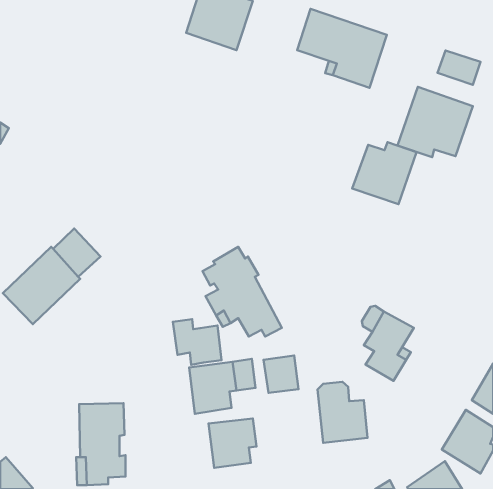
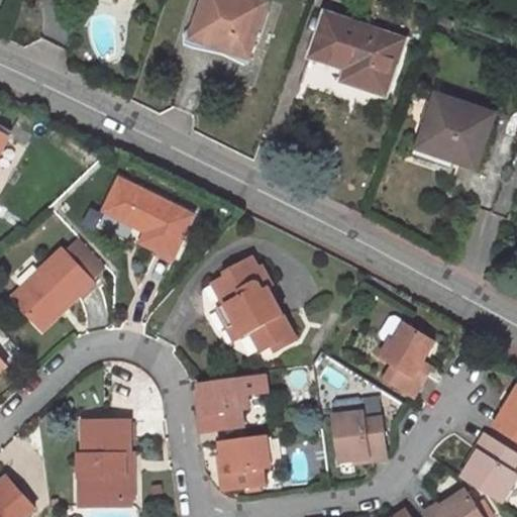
building: [438,50,480,85] -> none
building: [352,142,416,204] -> none
building: none -> [98,180,188,258]
building: [173,319,221,365] -> none
building: [263,356,298,393] -> none

